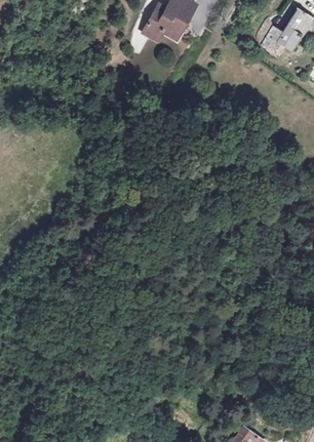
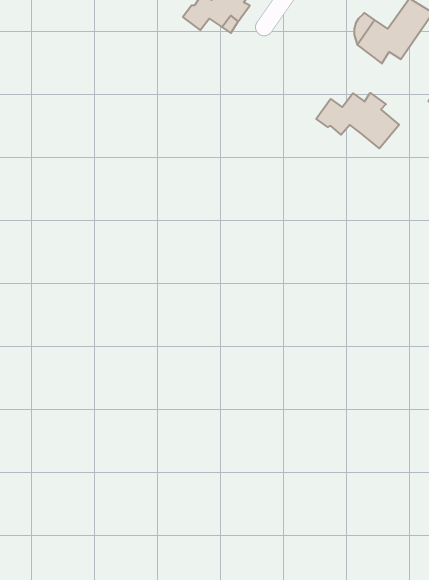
building: none -> [316,93,399,148]

